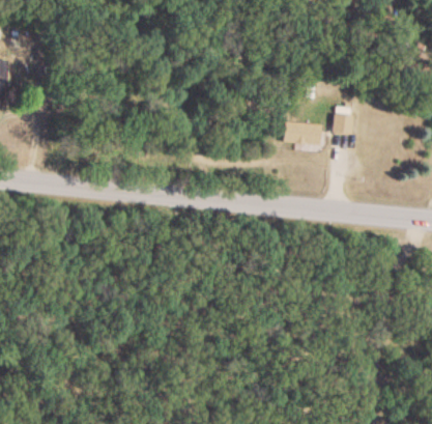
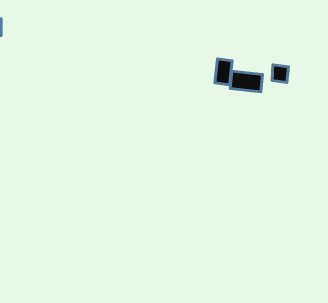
building: none -> [215,59,232,85]

